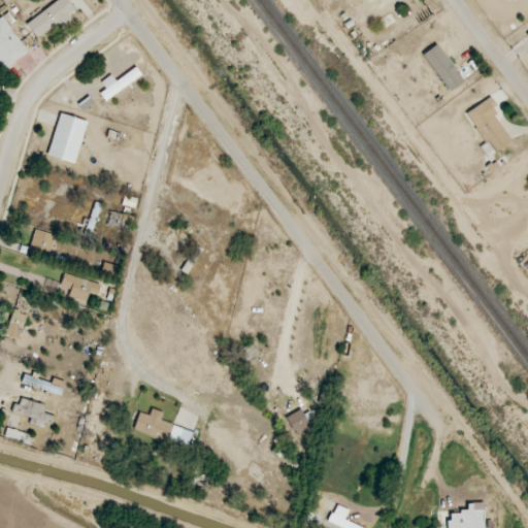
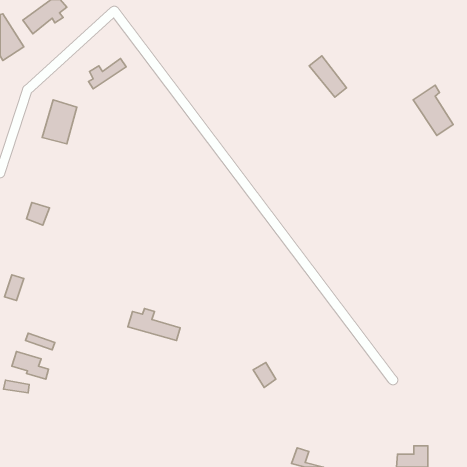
building: [422,43,464,90] -> [309,56,347,97]
building: [61,274,100,301] -> none
building: [133,408,192,444] -> [128,309,180,341]

